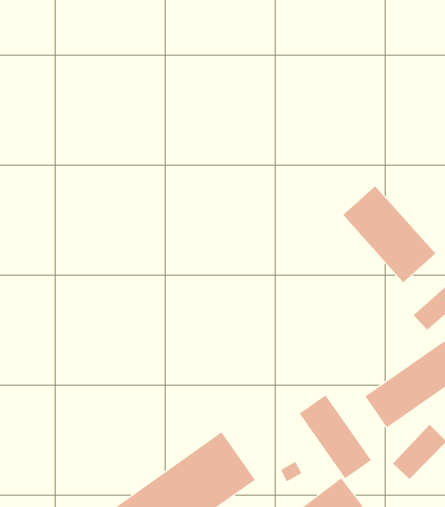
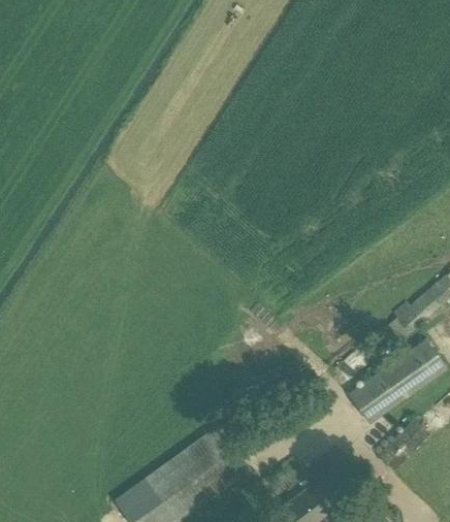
building: [342,185,436,283] -> none
building: [299,394,372,479] -> none

